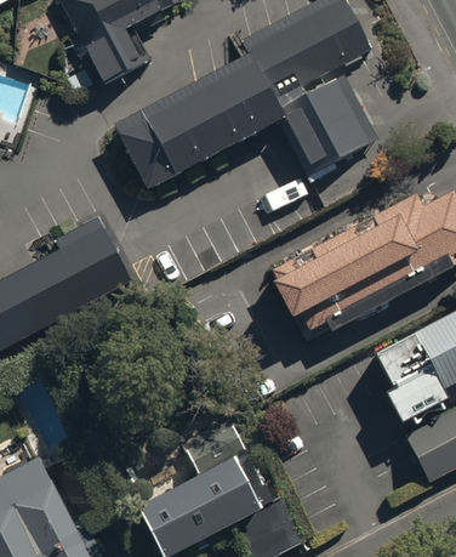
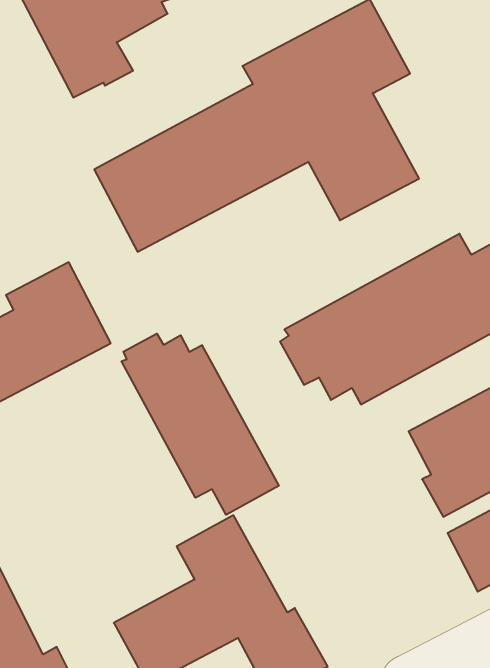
building: none -> [121,334,279,515]

